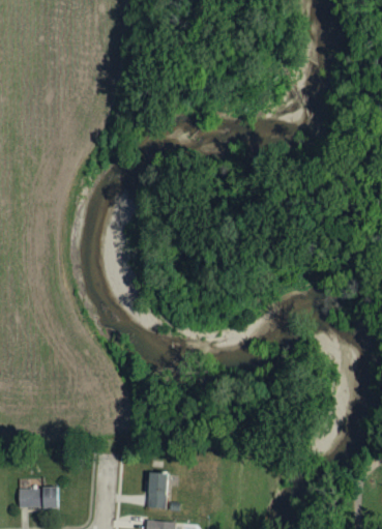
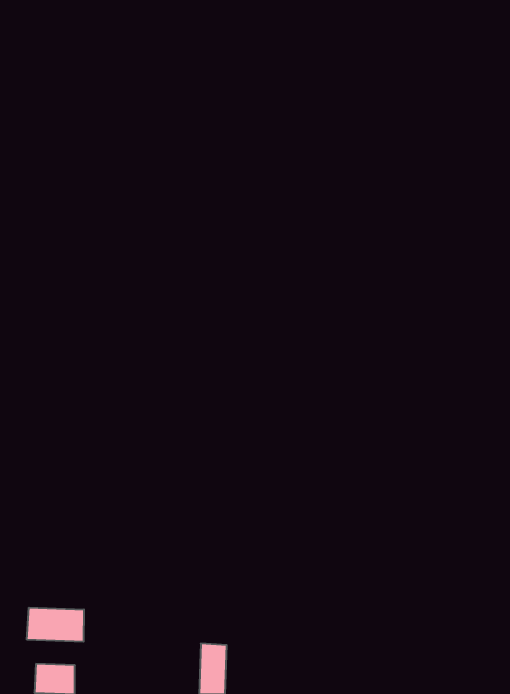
building: none -> [27,608,84,642]

